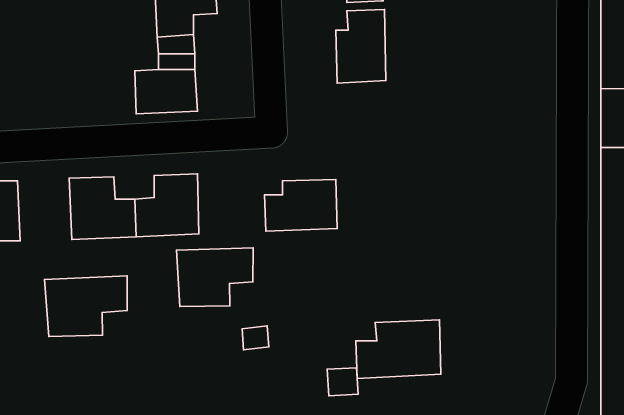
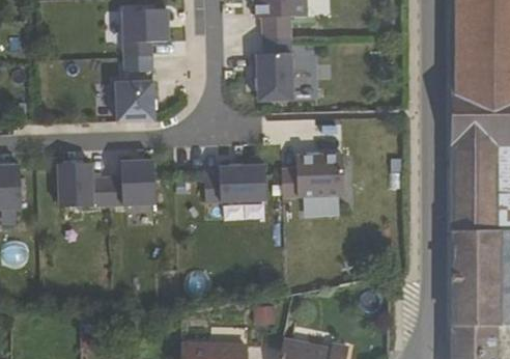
building: [176,248,253,306] -> none
building: [45,276,127,337] -> none
building: [356,320,441,378] -> [281,157,344,200]

